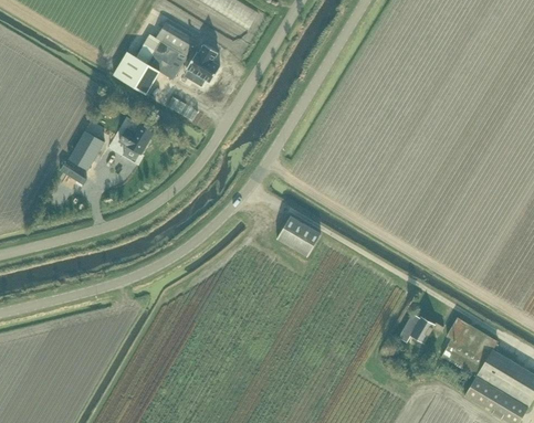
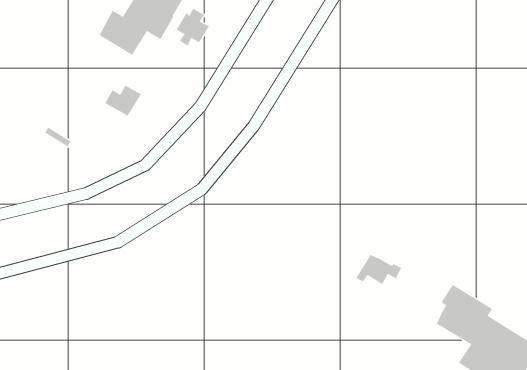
building: [69,130,104,170] -> none
building: [276,215,321,257] -> none
building: [398,314,443,343] -> [355,254,402,285]

